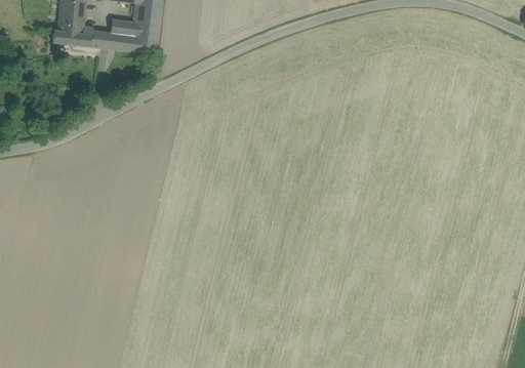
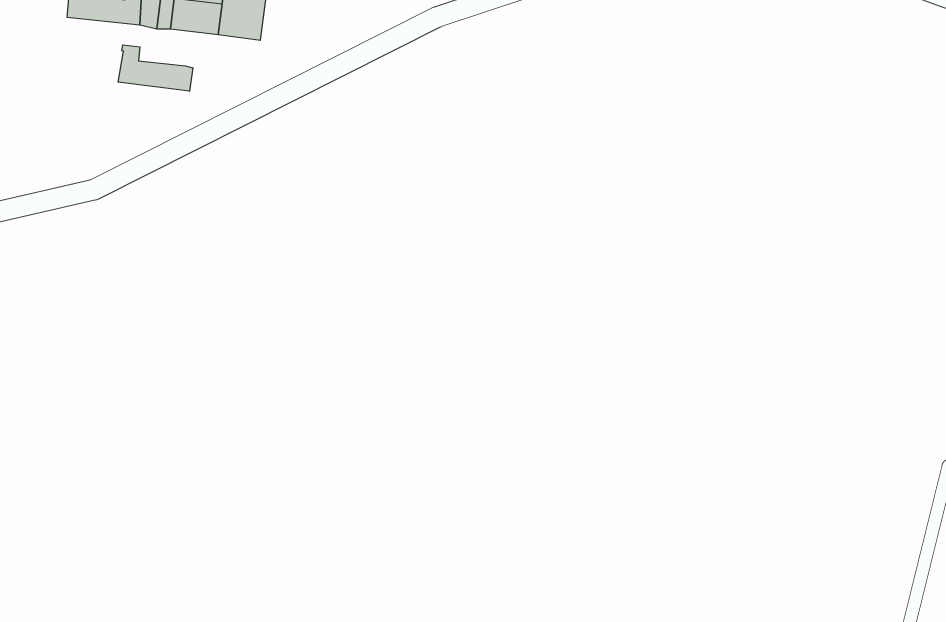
building: none -> [118,45,193,91]

